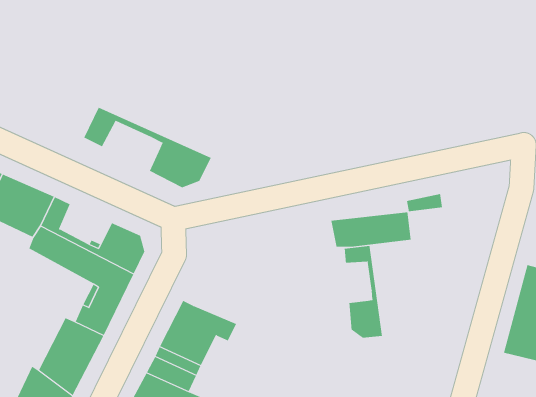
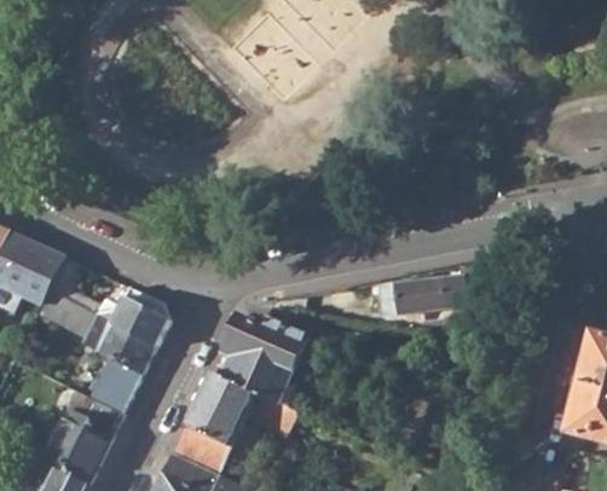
building: [83,107,211,188] -> none
building: [344,245,382,339] -> none
building: none -> [221,317,306,410]

